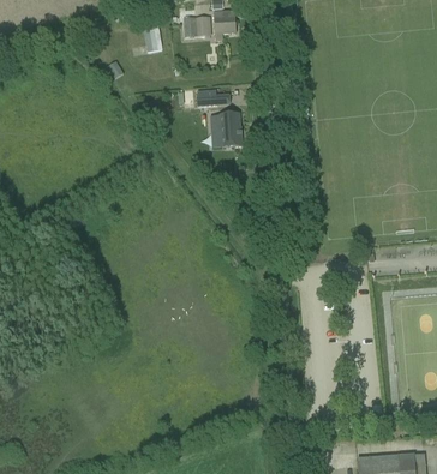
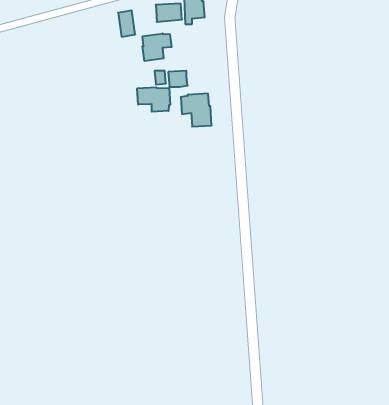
building: none -> [142,33,172,61]
building: none -> [137,87,170,112]

